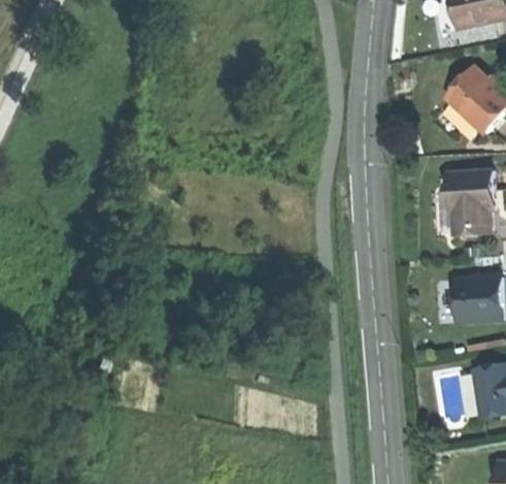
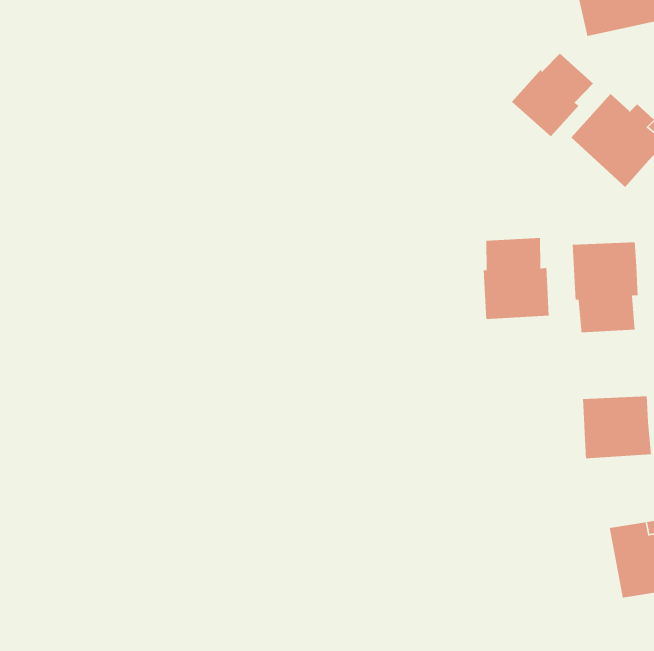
building: none -> [511,53,594,137]
building: none -> [483,237,550,320]

